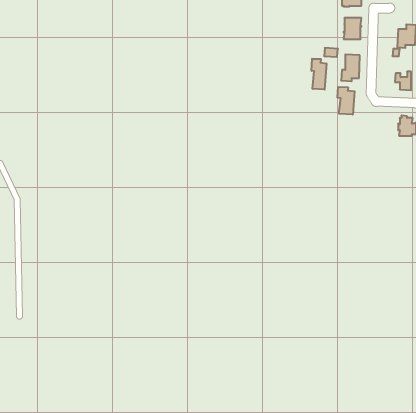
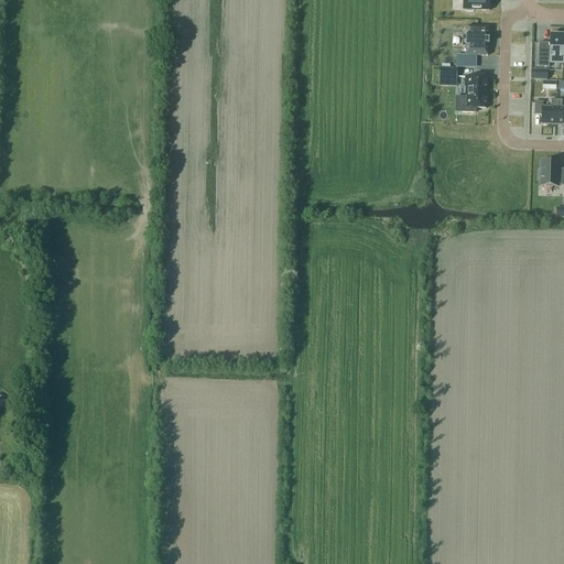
building: [312,59,326,90] -> none
building: [338,87,355,115] -> none

